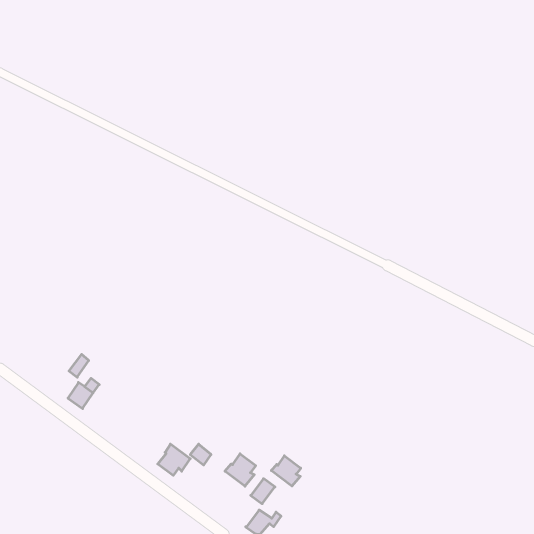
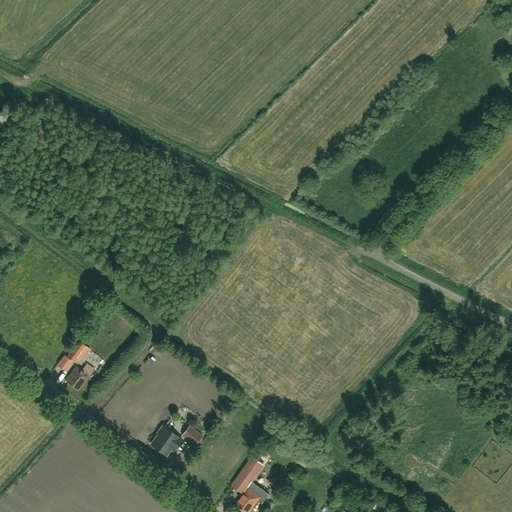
building: [225,454,256,486] -> none
building: [271,456,301,486] -> none

